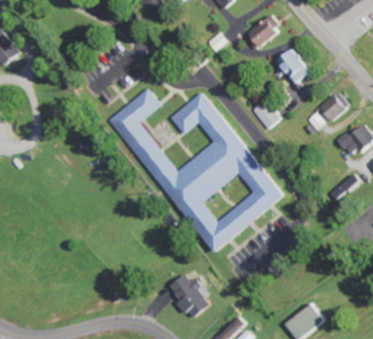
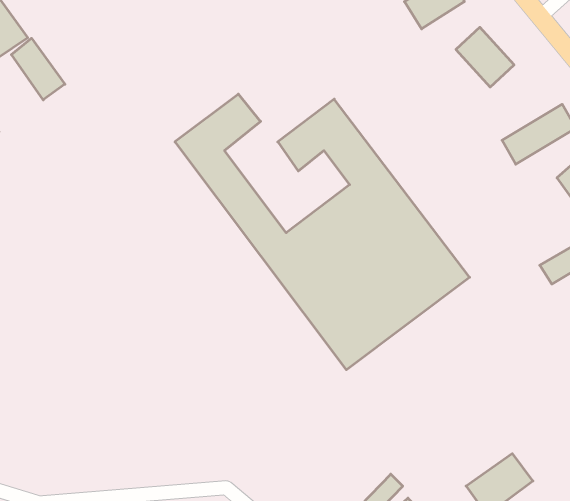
building: none -> [11,38,65,100]
building: [252,97,281,128] -> none
building: [169,273,210,317] -> none

